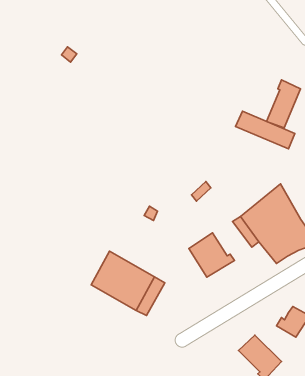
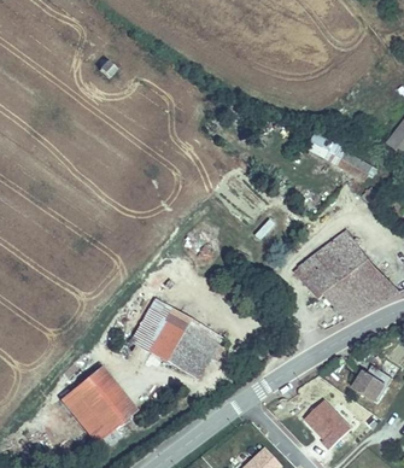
building: [266,80,301,128] -> none
building: [189,233,234,277] -> none
building: none -> [58,367,133,441]

